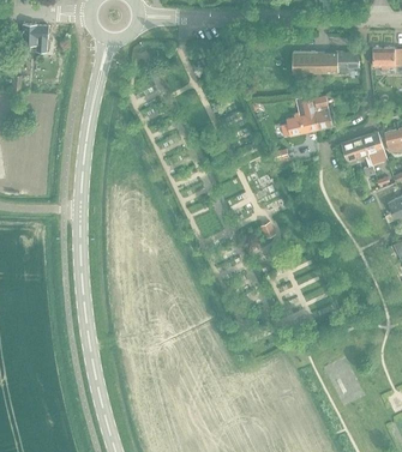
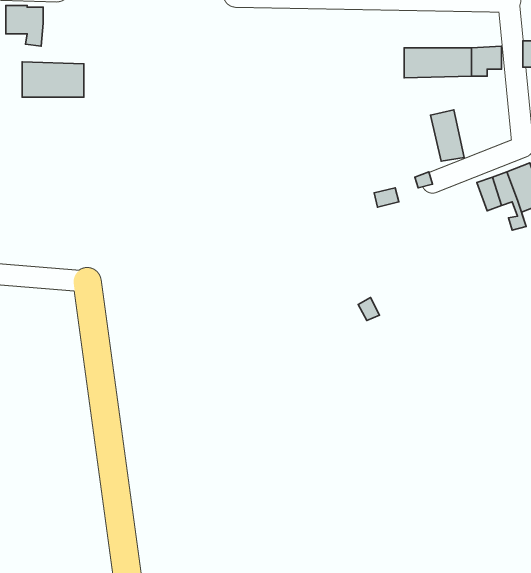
building: none -> [22,62,84,97]
building: [281,98,317,135] -> none

